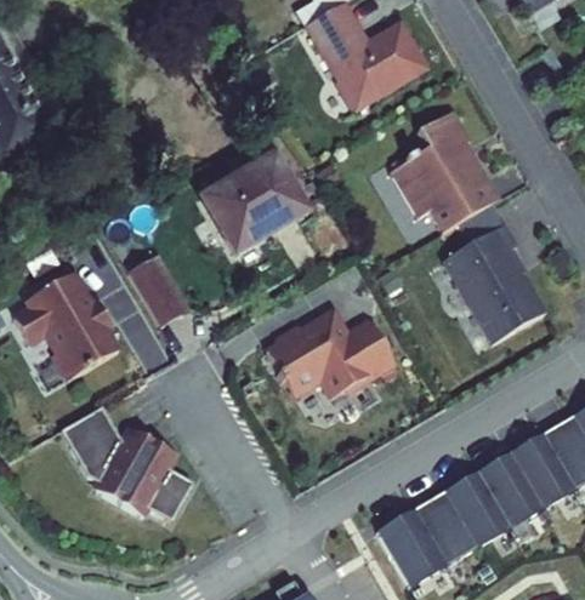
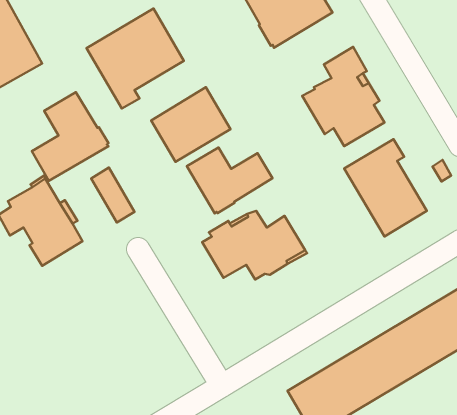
building: none -> [87,9,184,108]
building: none -> [32,92,109,181]
building: none -> [187,148,272,214]
building: [62,405,194,519] -> none

